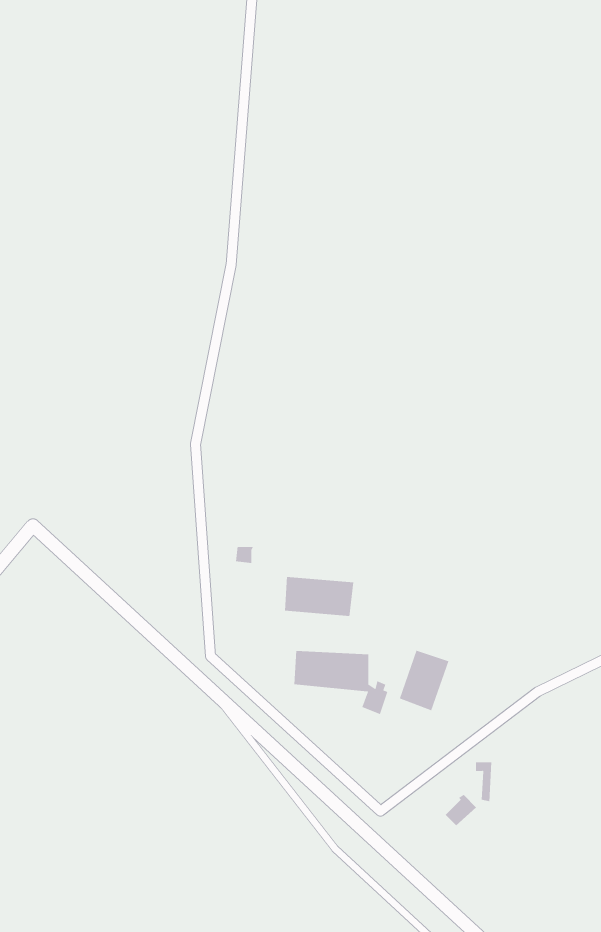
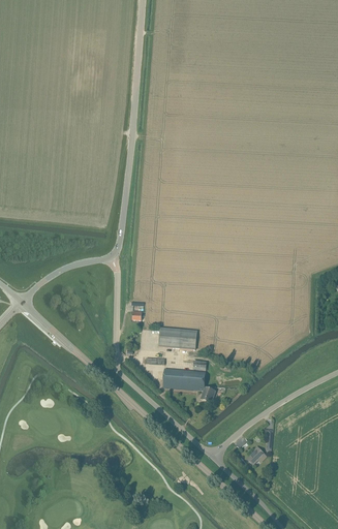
building: [399,650,449,711] -> none

